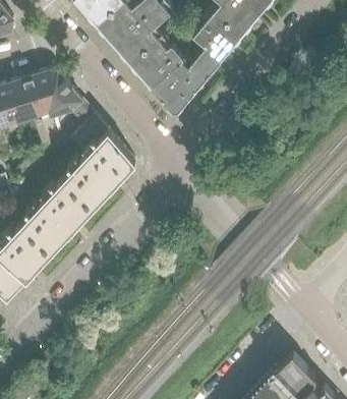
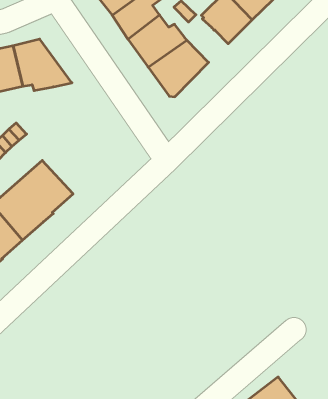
building: [181,38,221,76] -> none
building: [63,106,136,206] -> none

